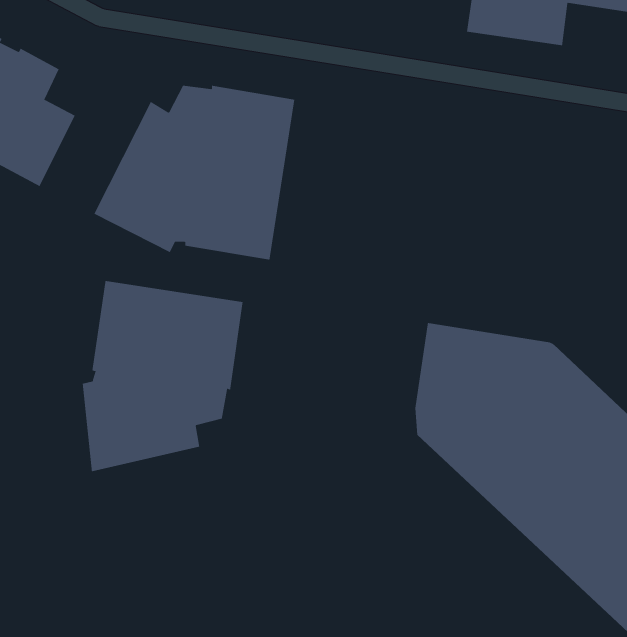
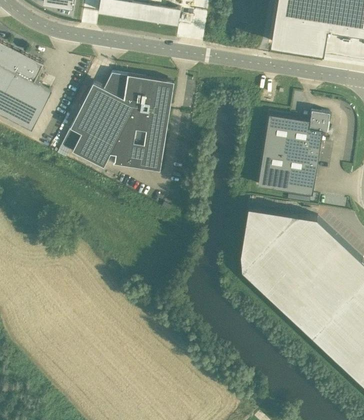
building: none -> [256,110,328,193]
building: [82,280,243,472] -> none

